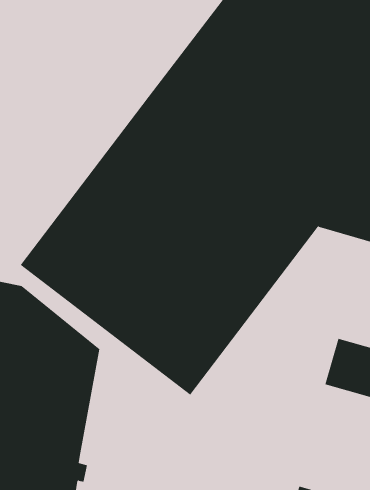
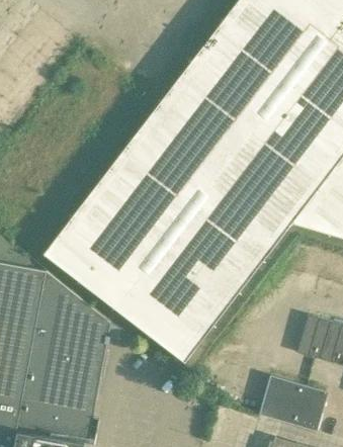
building: none -> [258,375,327,431]

